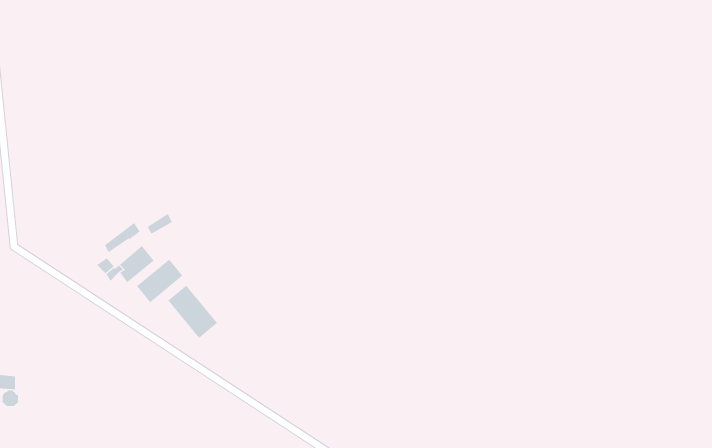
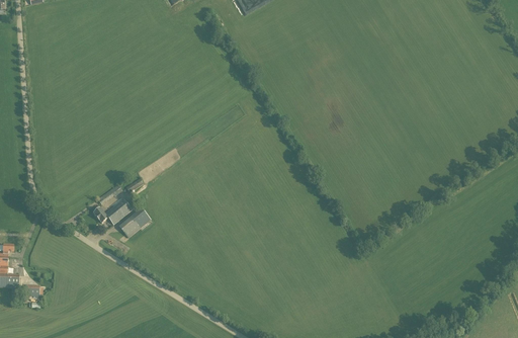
building: [168,285,218,339] -> none

